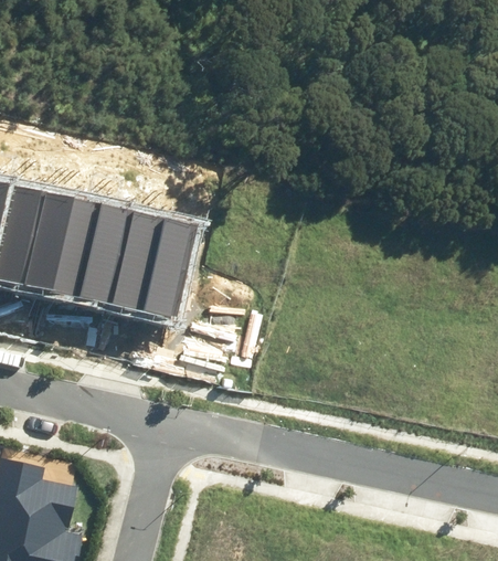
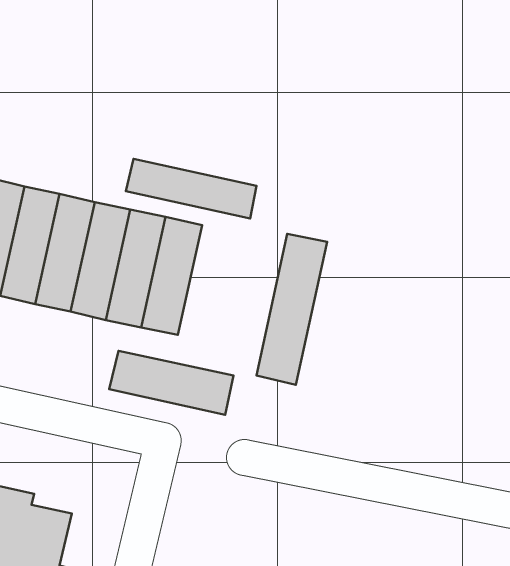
building: none -> [126,159,256,218]
building: none -> [256,234,327,385]
building: none -> [109,351,233,415]

